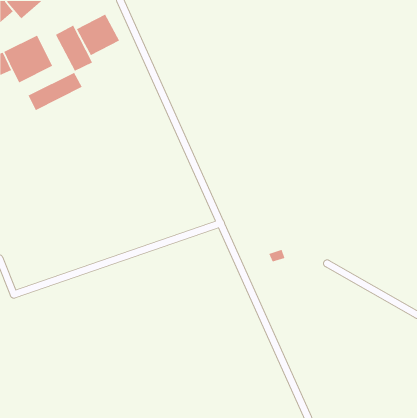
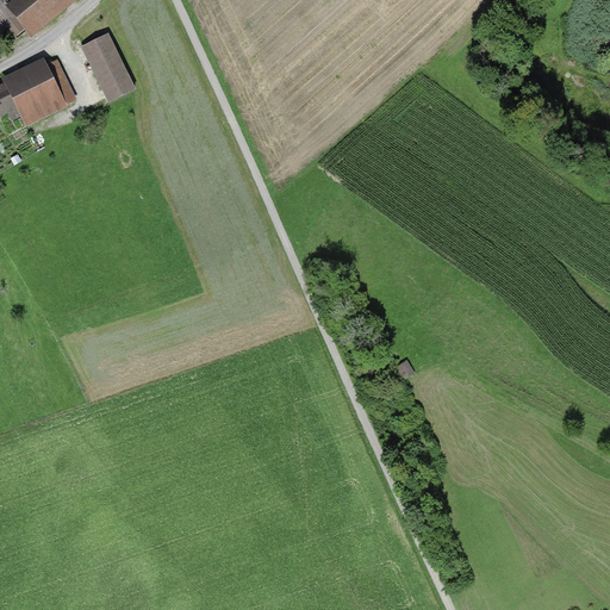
building: [76,13,120,56] -> none
building: [27,72,83,111] -> none

